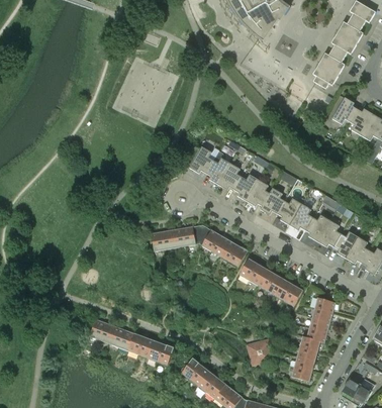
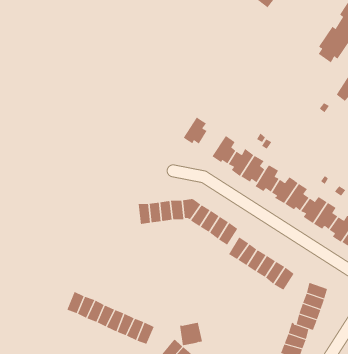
building: [205,150,229,184] -> none
building: [248,340,271,364] -> [179,322,203,346]

